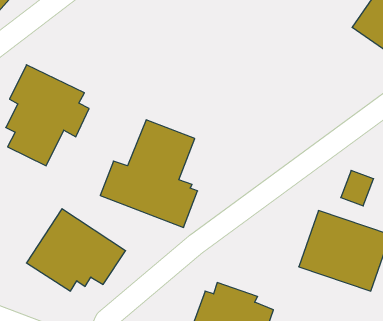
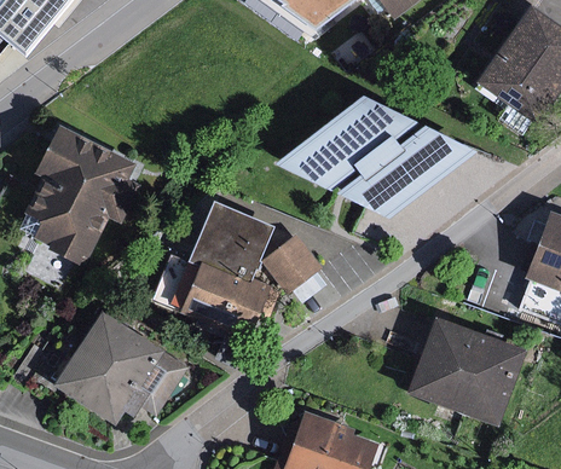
building: none -> [274,94,470,216]
building: none -> [264,236,320,291]

